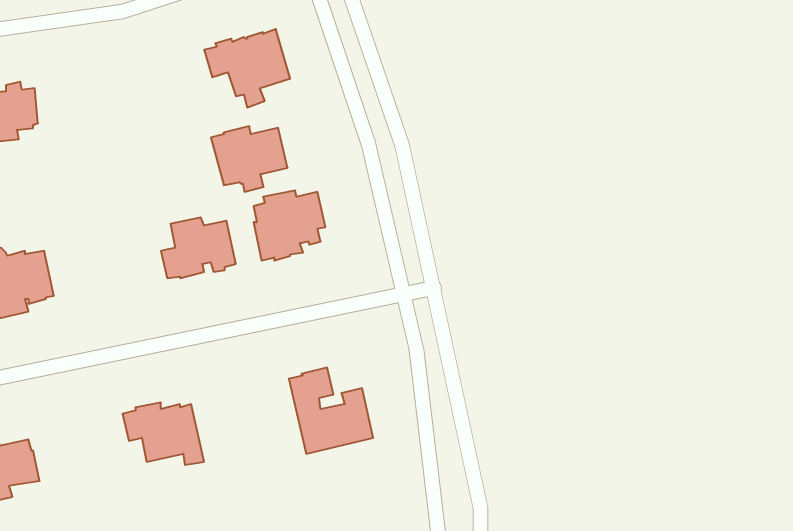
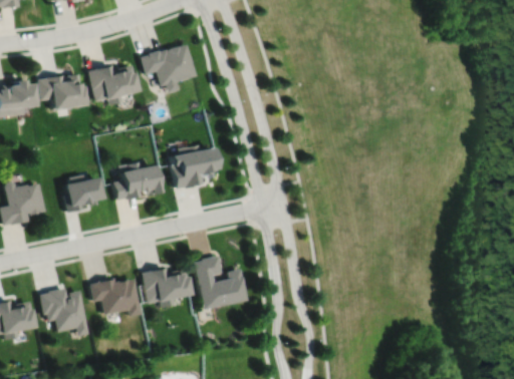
building: none -> [39,72,87,109]
building: [211,126,288,192] -> [89,63,138,104]
building: none -> [64,173,101,213]
building: none -> [143,267,191,308]
building: none -> [41,288,88,337]

